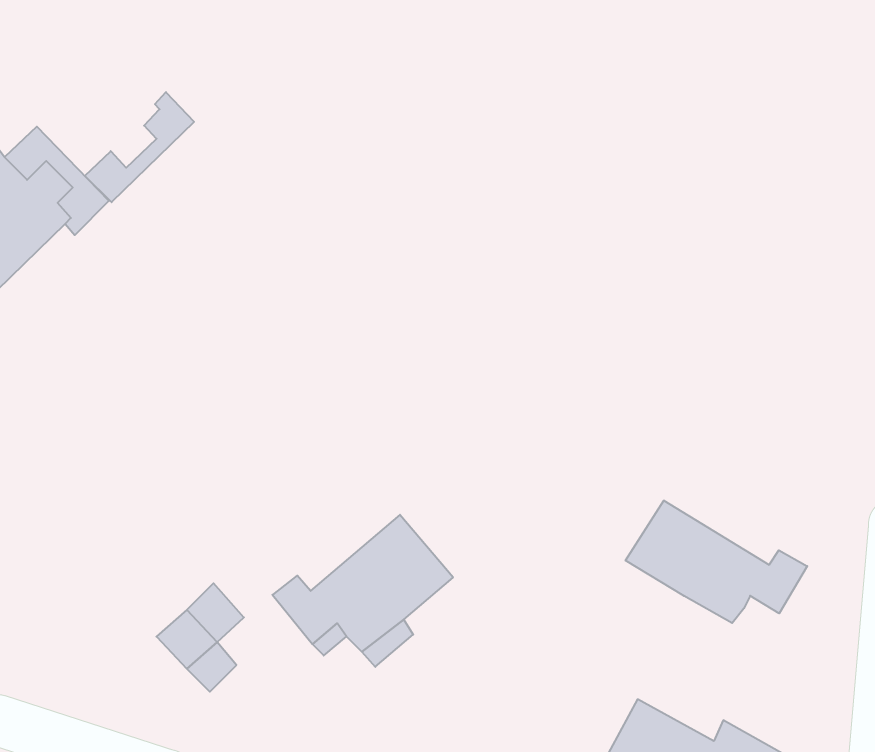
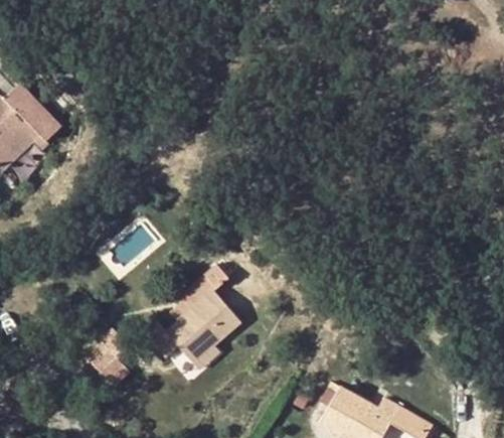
building: [85,92,194,202] -> none
building: [626,500,807,623] -> none

